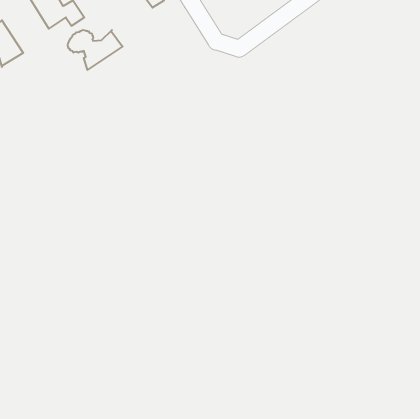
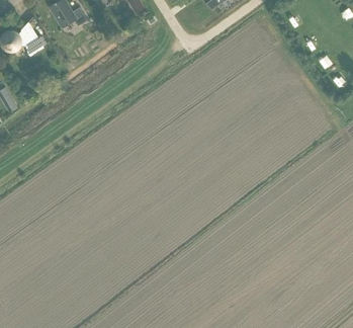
building: [68,30,123,70] -> none

